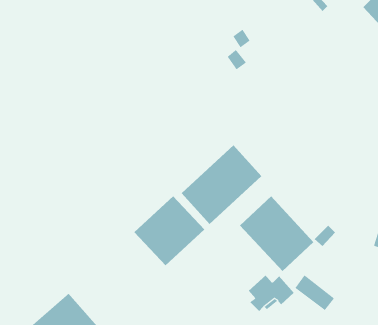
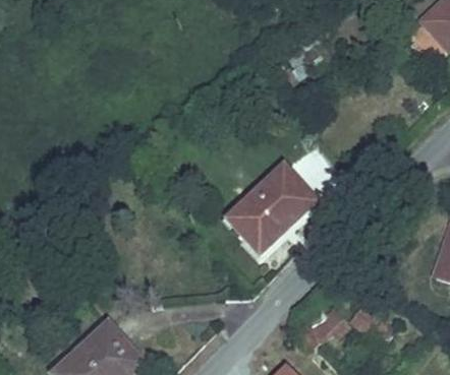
building: [133,195,205,266] -> none
building: [239,196,314,272] -> none

